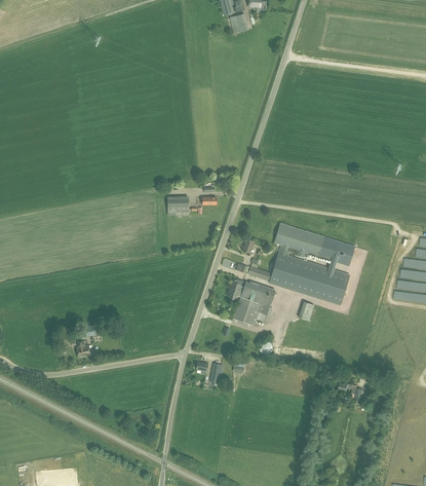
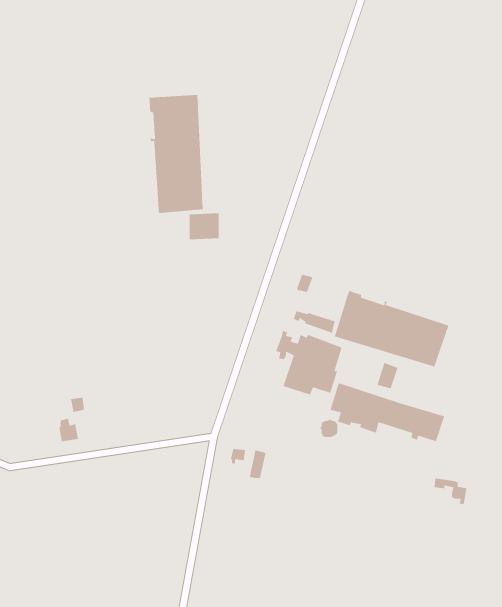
building: none -> [148,94,204,214]
building: [274,222,355,264] -> [329,382,445,442]

